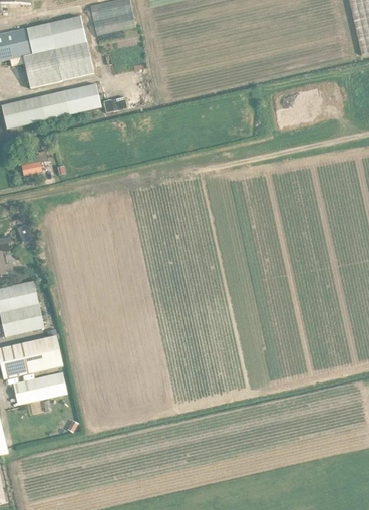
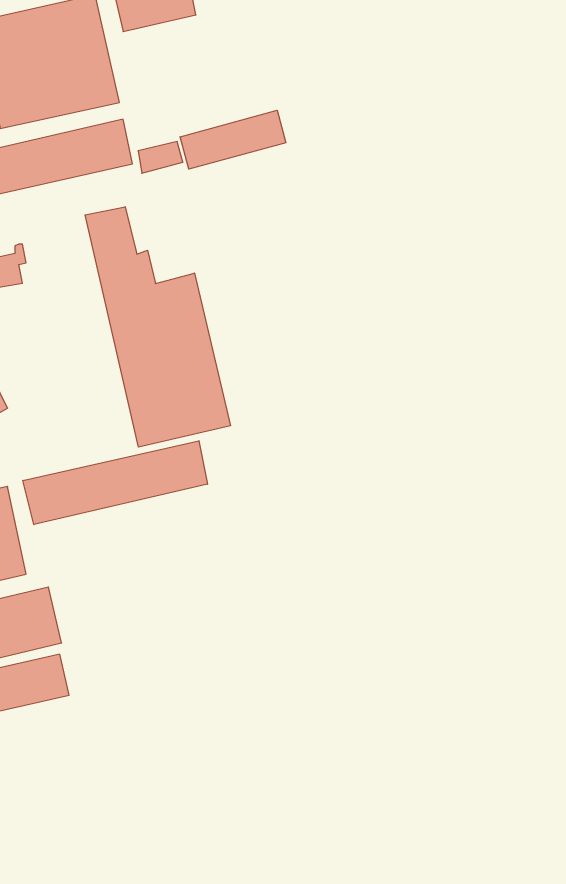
building: none -> [180,110,286,169]
building: none -> [85,207,230,447]
building: none -> [23,441,207,525]

